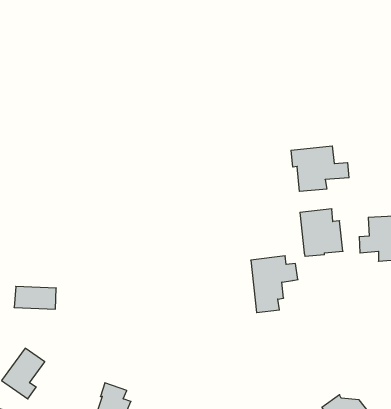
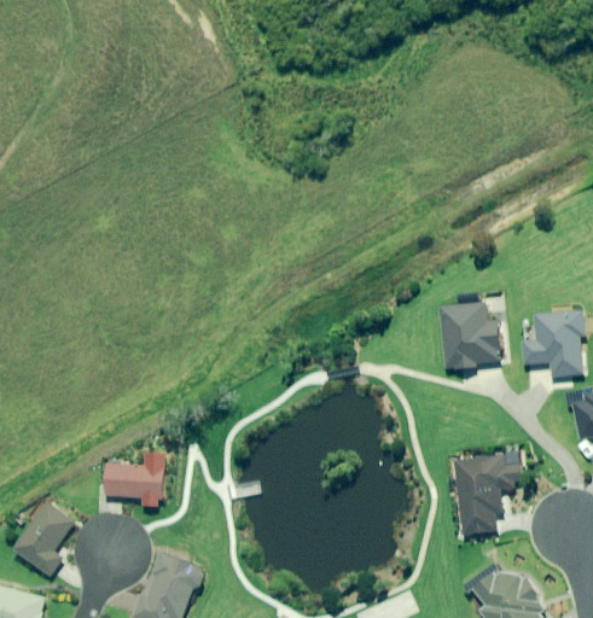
building: [291,146,349,191] -> none
building: [251,256,298,313] -> [454,454,522,535]
building: [14,286,56,309] -> [104,465,164,497]

